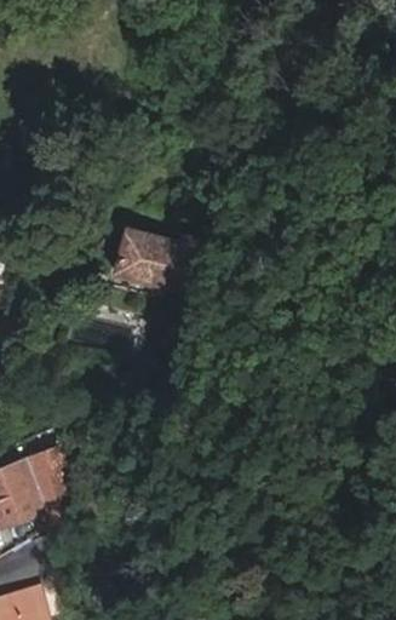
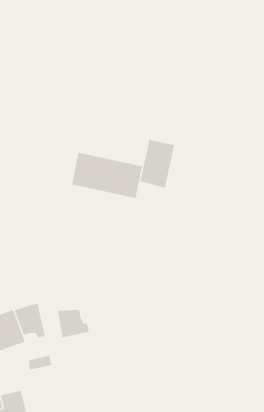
building: none -> [140,139,175,188]
building: none -> [58,309,89,338]

